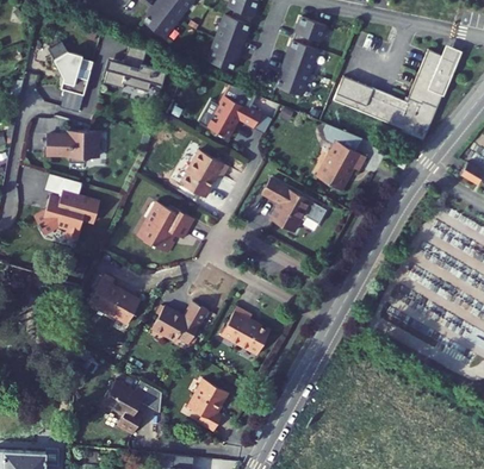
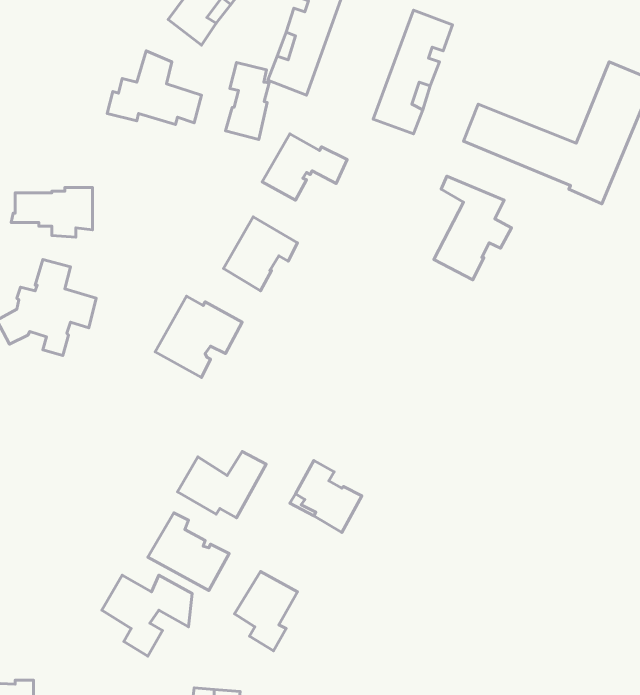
building: none -> [226,62,269,139]
building: [54,50,93,94] -> none
building: [260,177,325,230] -> none
building: [87,273,139,323] -> [148,513,229,590]

